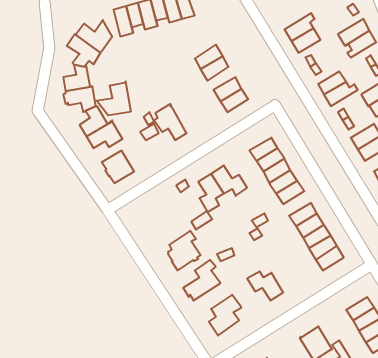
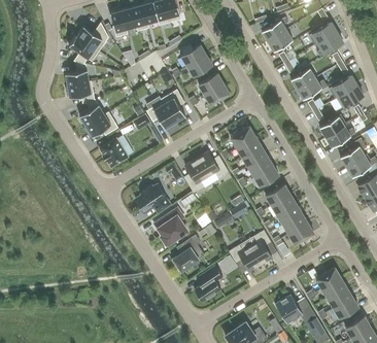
building: [97,81,131,115] -> none
building: none -> [161,89,184,122]
building: none -> [135,183,169,211]
building: none -> [249,229,272,263]

